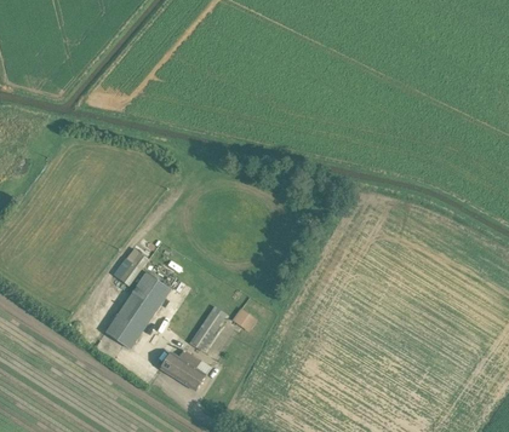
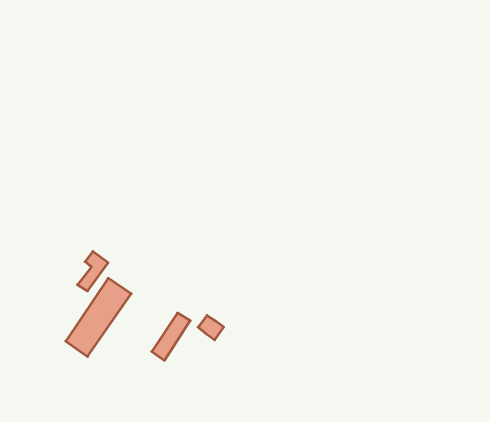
building: [159,350,205,391] -> none

